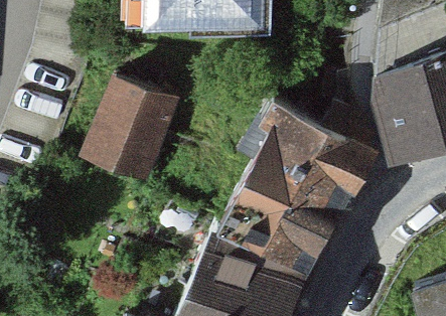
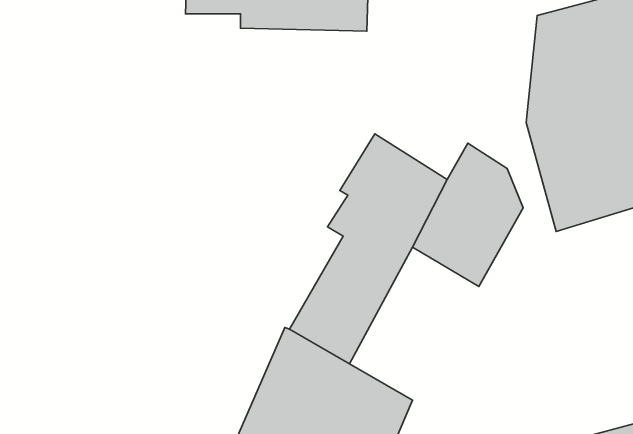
building: [86,81,174,179] -> none
building: [260,172,342,272] -> none

